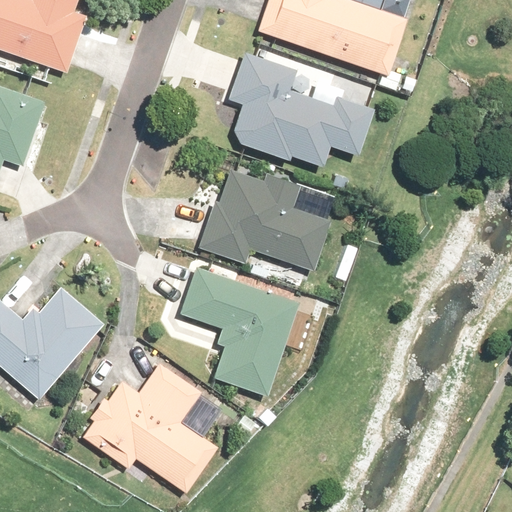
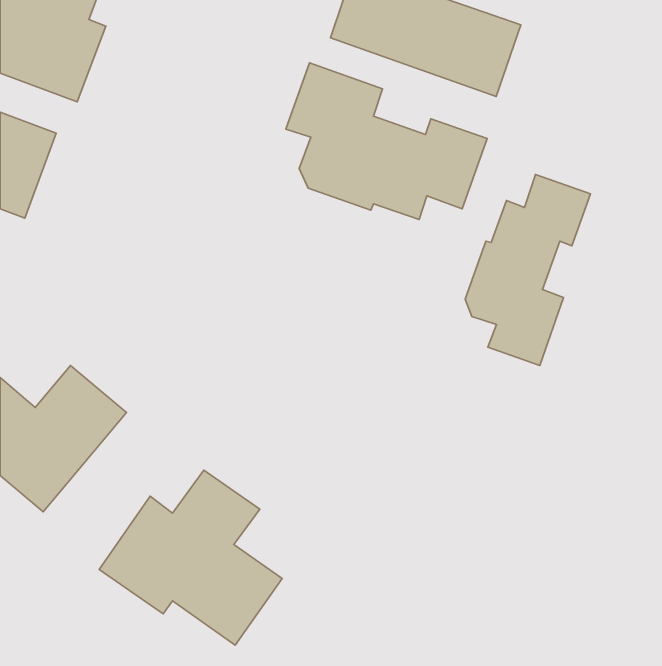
building: none -> [465,174,590,365]
building: [196,160,328,269] -> none
building: [181,269,304,404] -> none

